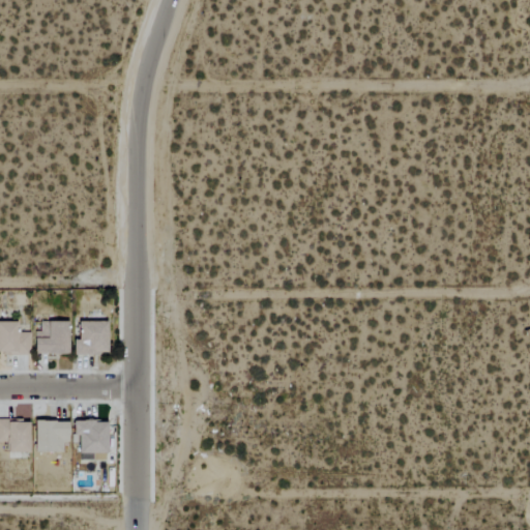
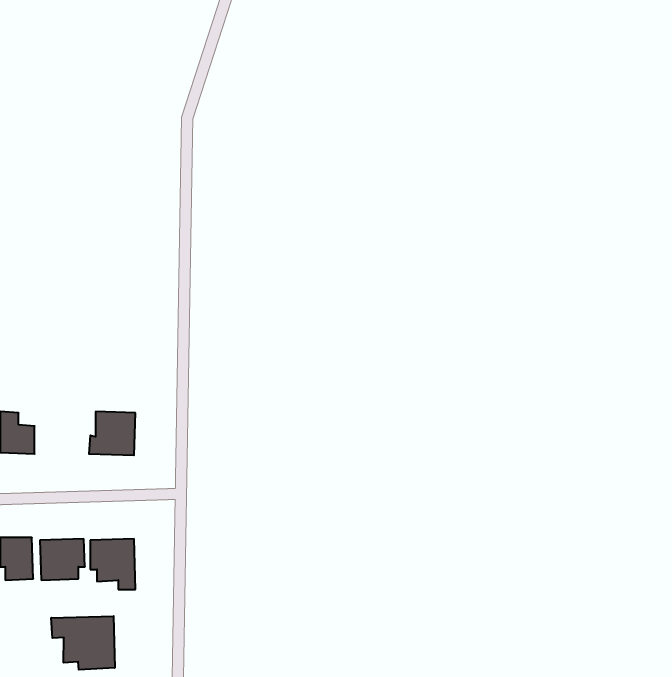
building: [36,321,70,354] -> none
building: none -> [51,616,115,670]

